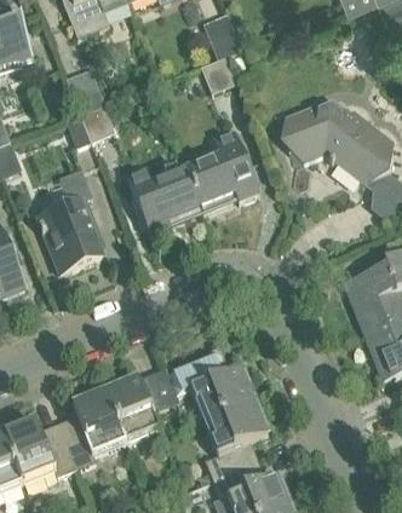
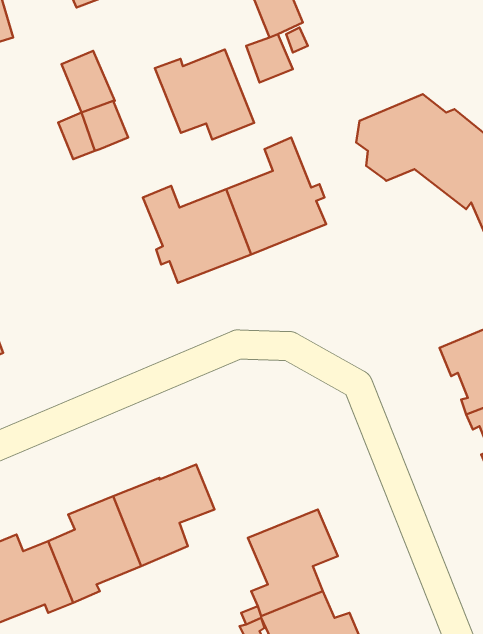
building: none -> [155,49,254,139]
building: [36,169,102,272] -> none
building: [165,345,253,420] -> none

